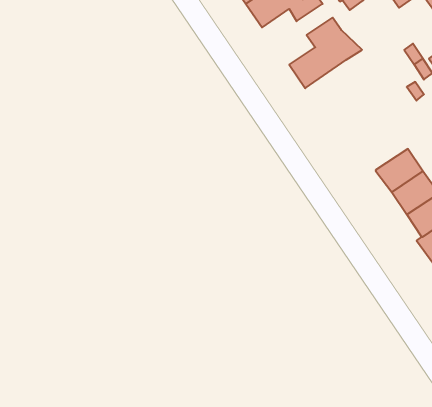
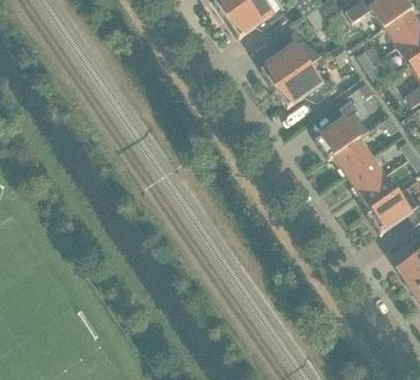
building: none -> [275,64,337,107]
building: none -> [316,98,369,158]

